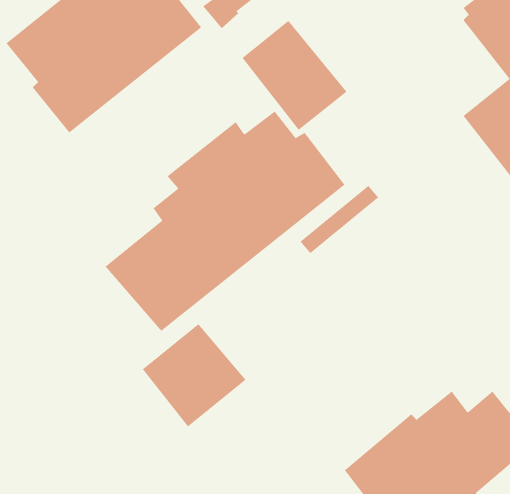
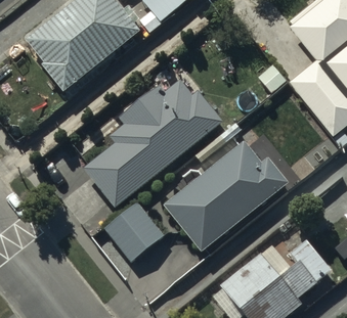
building: [241,20,348,131] -> none
building: none -> [164,142,289,254]

